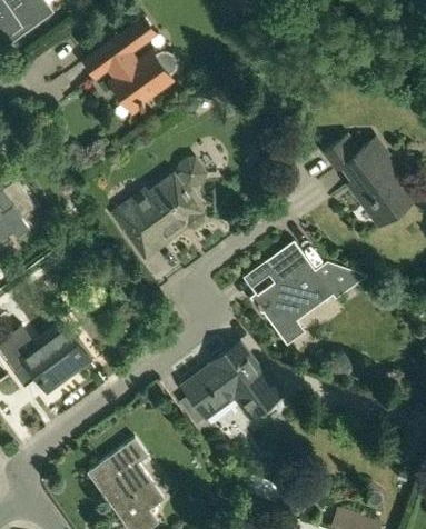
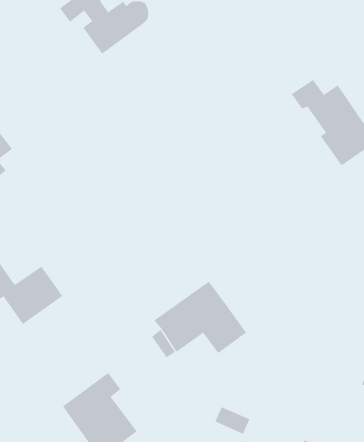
building: [110,160,205,260] -> none
building: [252,241,368,333] -> none

